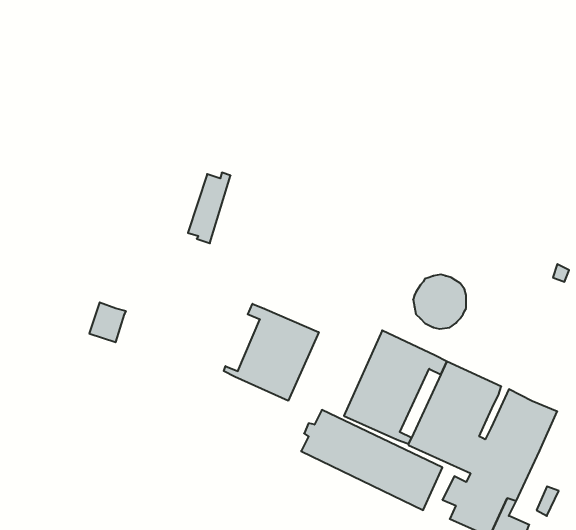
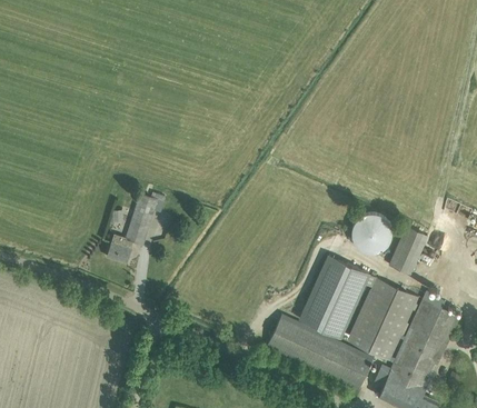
building: [188,173,231,243] -> [126,192,158,246]
building: none -> [387,227,427,276]
building: [224,304,319,401] -> none

